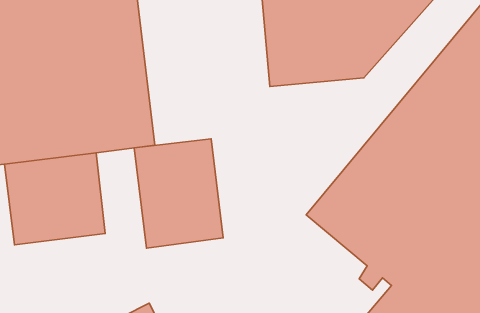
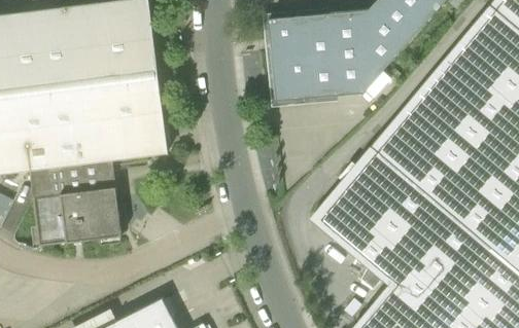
building: [134,139,223,248] -> none

